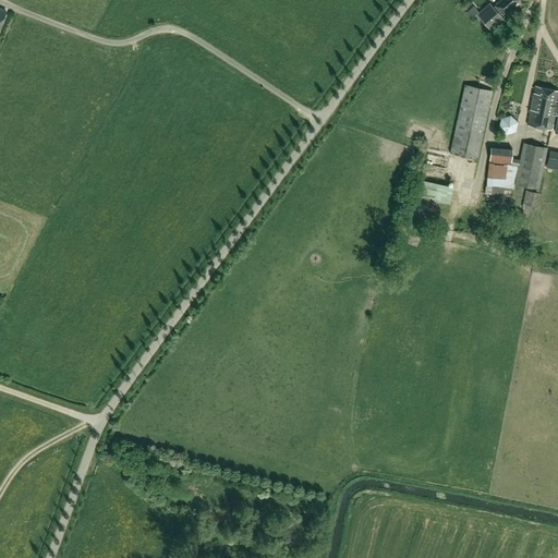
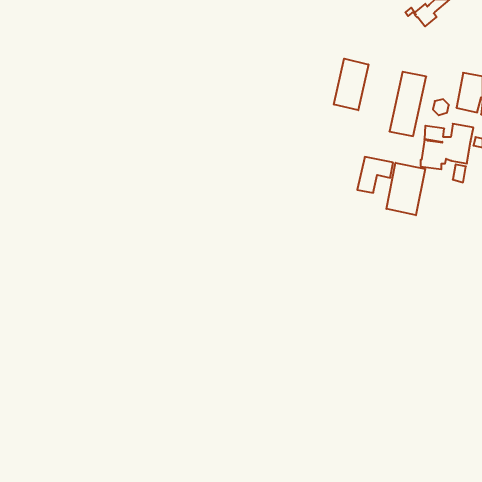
building: none -> [334,59,368,110]
building: none -> [386,163,425,215]

